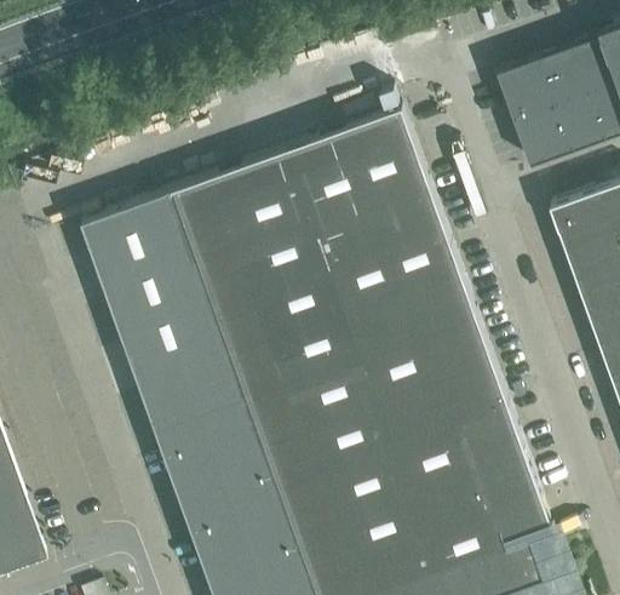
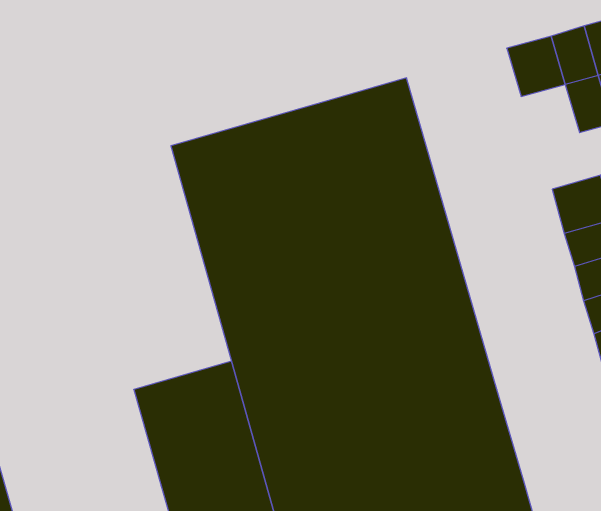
building: [513,107,573,168] -> none
building: [81,191,248,431] -> none

